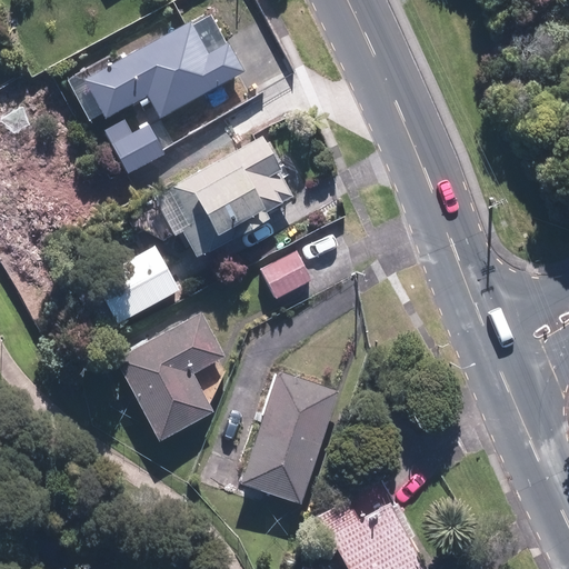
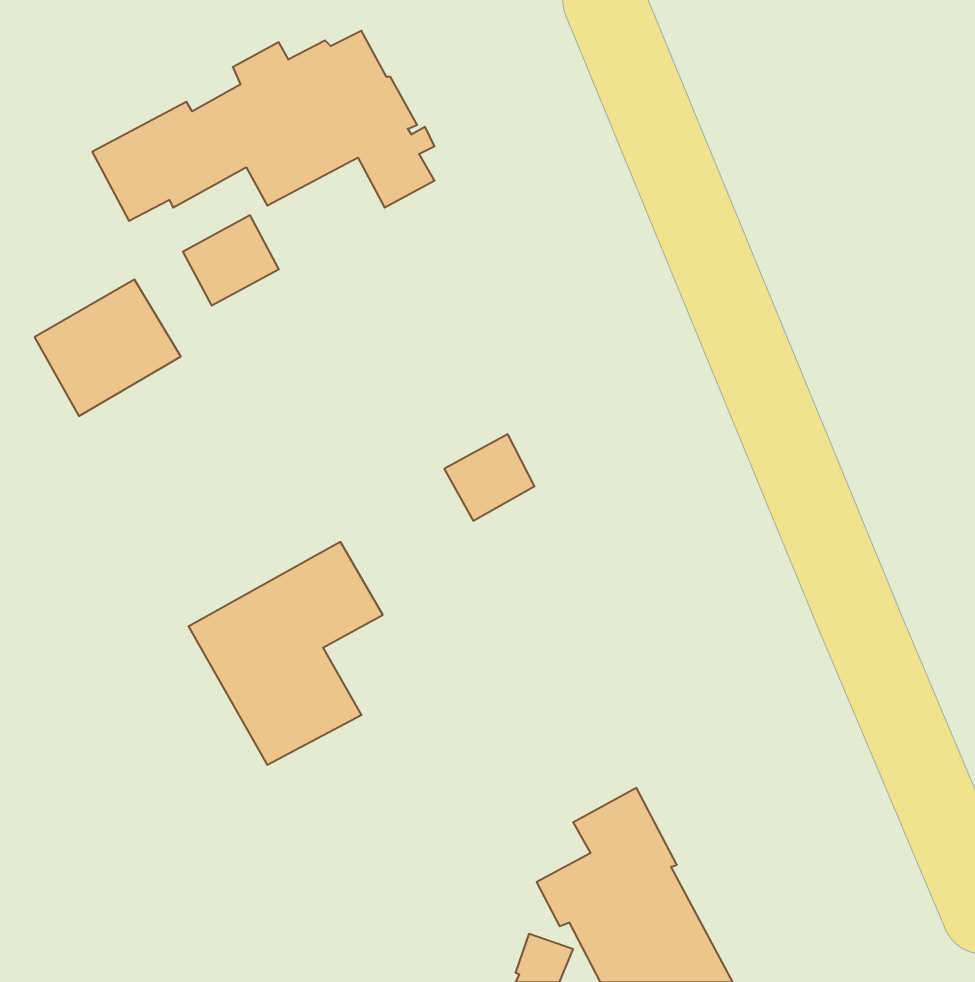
building: [170,138,296,261] -> none
building: [97,247,181,326] -> [35,280,181,416]
building: [241,366,337,496] -> none

